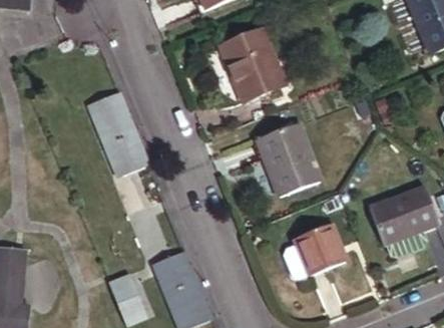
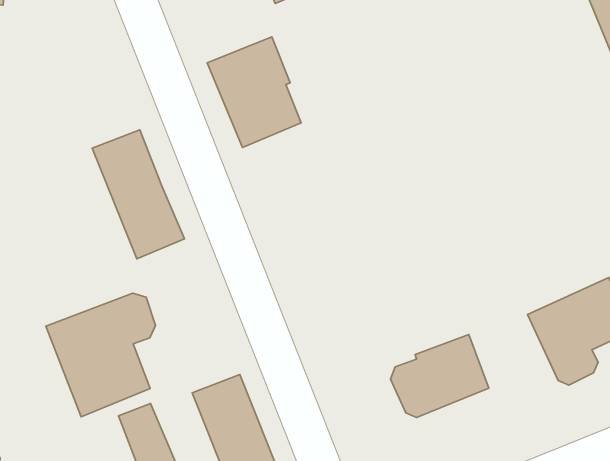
building: [219,29,281,101] -> [207,37,301,147]
building: [259,122,322,195] -> none
building: none -> [46,293,156,417]

